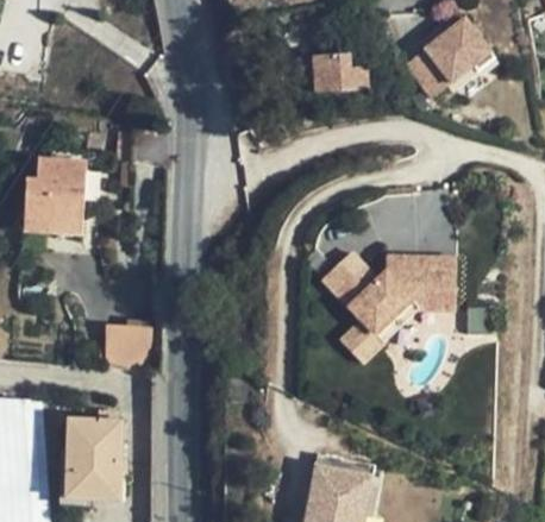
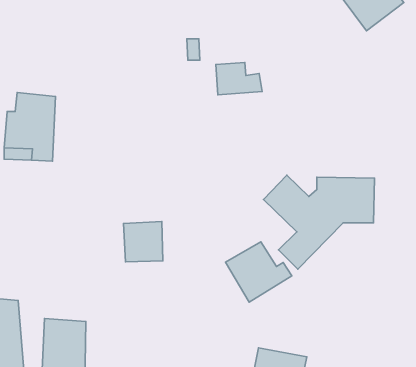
building: [311,56,365,94] -> [216,62,262,95]
building: [106,321,152,369] -> [123,222,163,262]
building: none -> [226,242,292,302]

